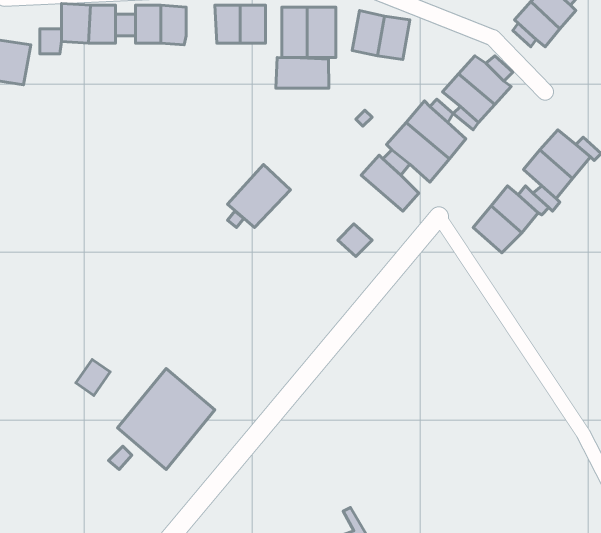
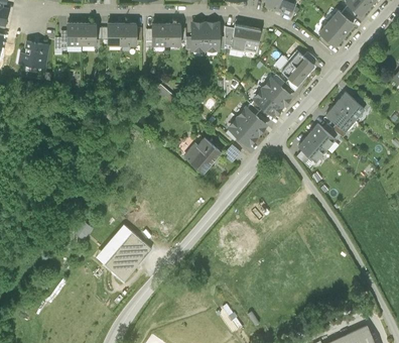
building: [276,58,329,88] -> none
building: [227,164,291,228] -> [182,137,218,173]
building: none -> [224,117,257,148]

